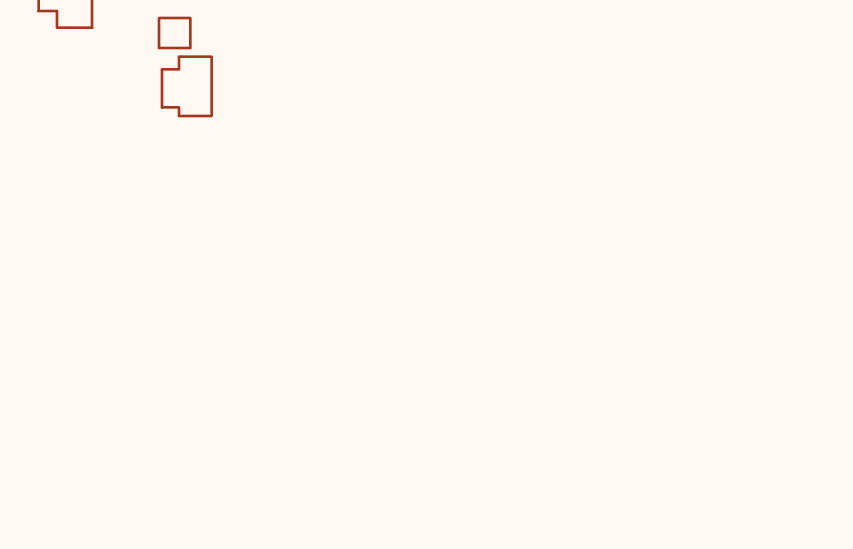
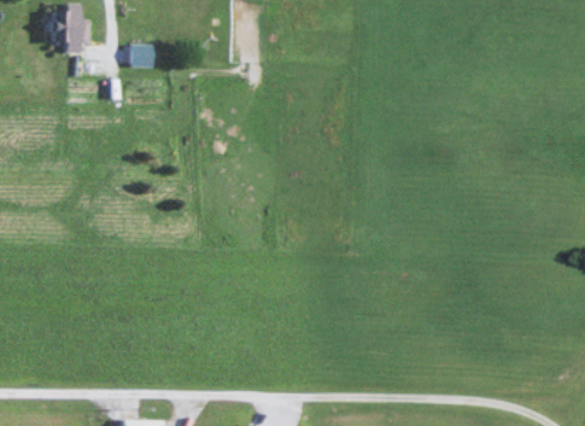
building: [162,57,211,116] -> none

